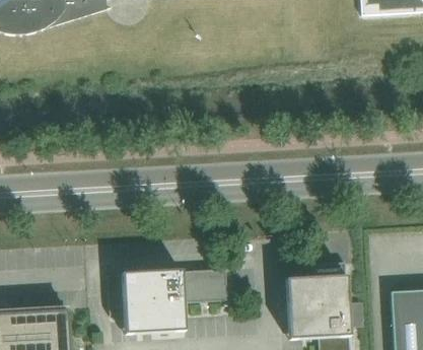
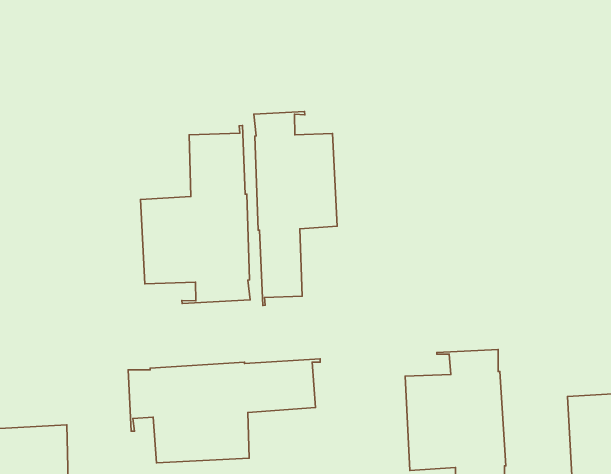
building: none -> [254,112,337,305]
building: none -> [140,126,250,303]

